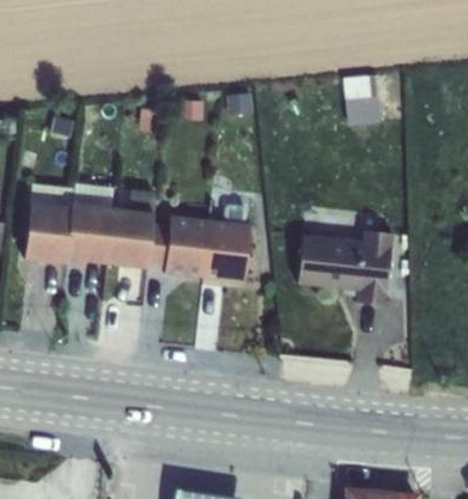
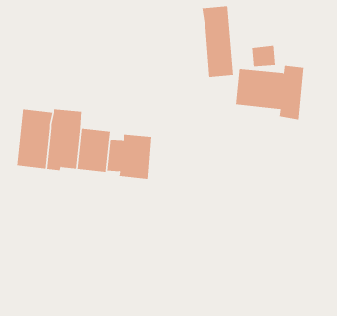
building: none -> [202,6,233,78]
building: [205,220,249,284] -> none
building: [298,231,393,306] -> [235,65,304,120]

